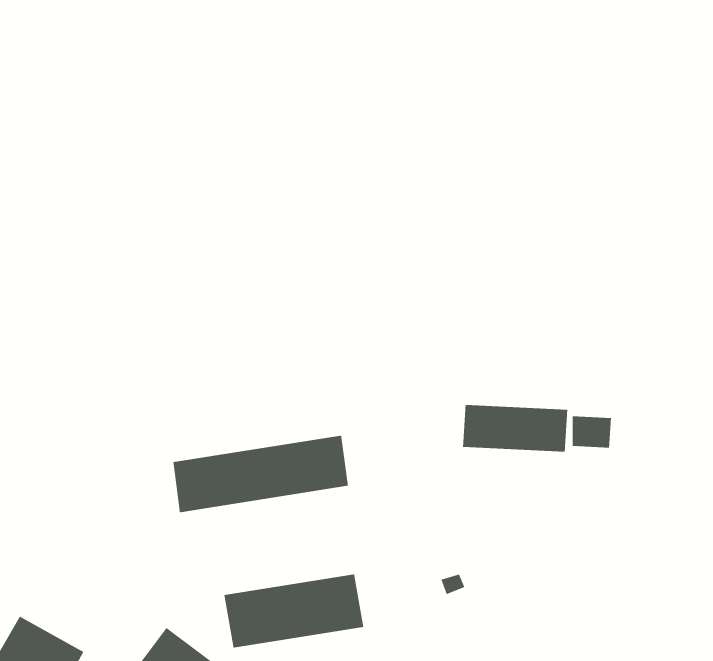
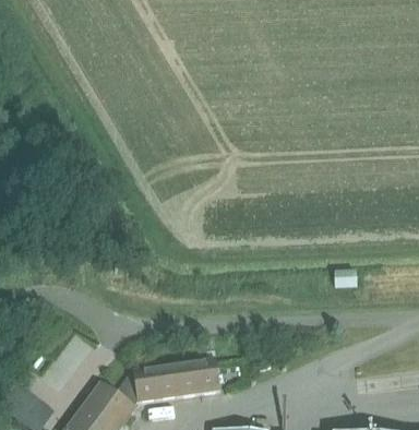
building: [462,404,568,452] -> none
building: [173,435,348,513] -> none

